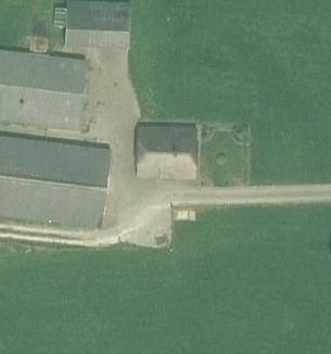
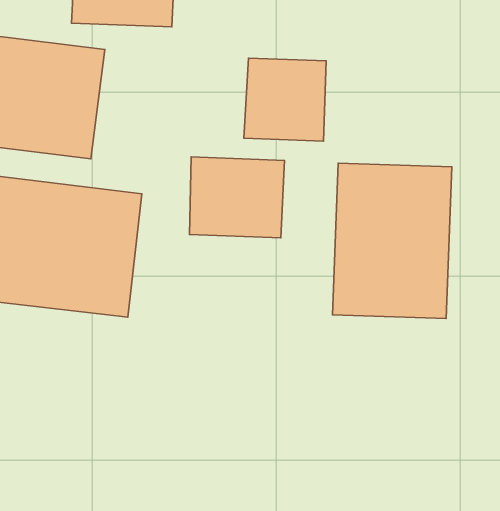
building: none -> [244,58,326,141]
building: none -> [332,163,452,319]

